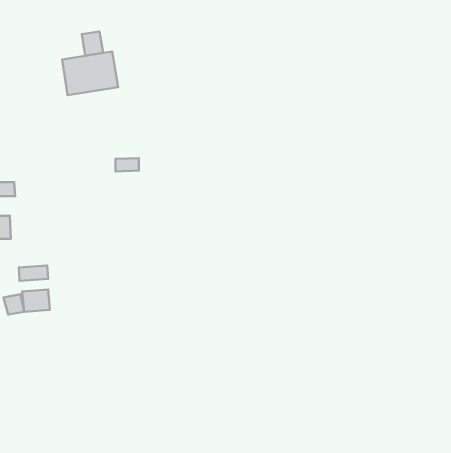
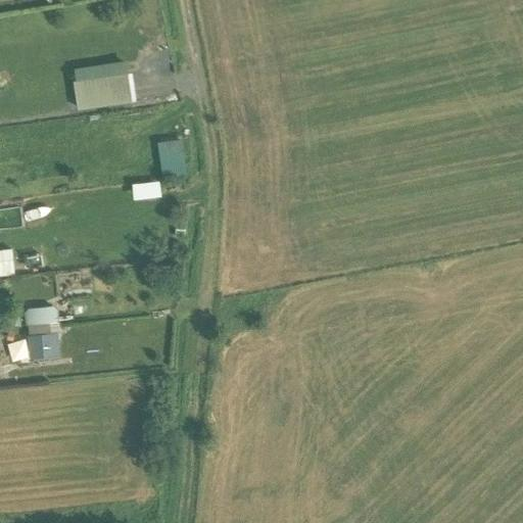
building: [82,31,103,55] -> none
building: none -> [156,138,187,178]

